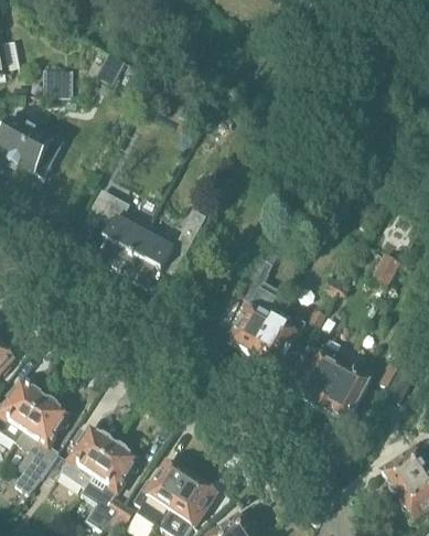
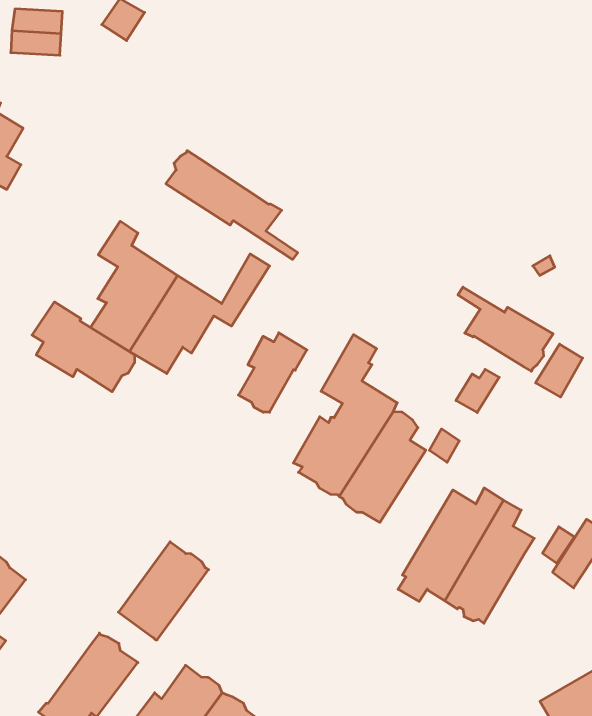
building: none -> [166,151,298,259]
building: none -> [458,287,553,371]
building: none -> [32,302,135,392]
building: none -> [238,333,307,412]
building: [62,427,115,486] -> [118,542,209,640]

